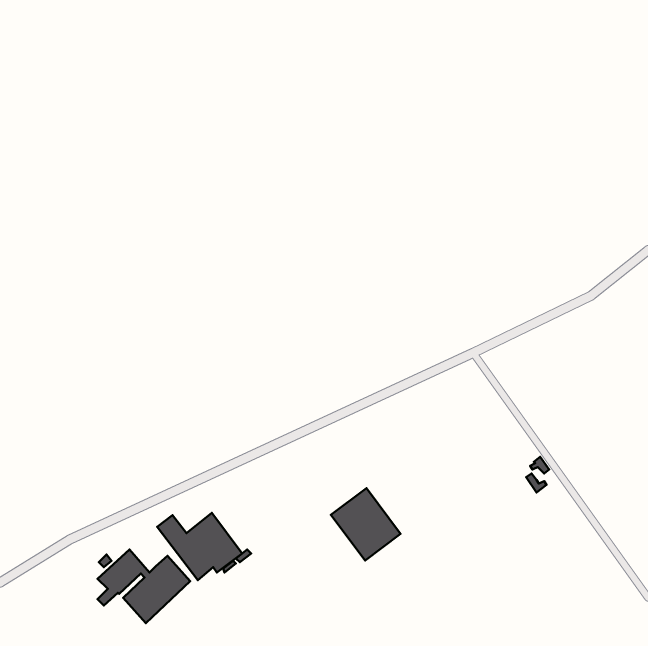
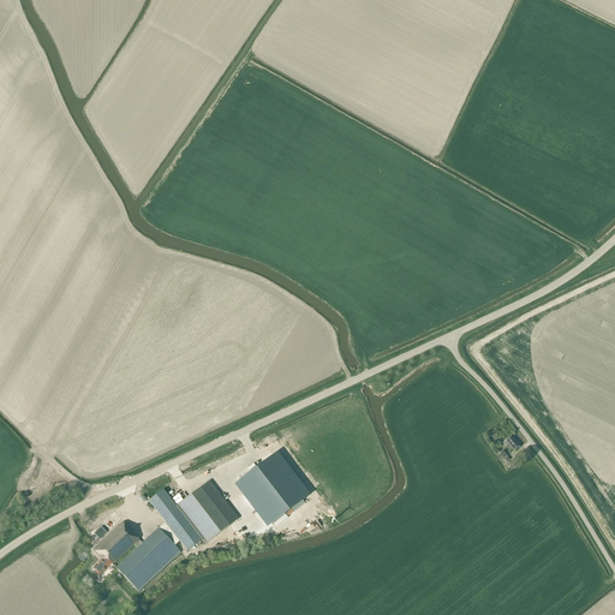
building: [331,488,401,561] -> [239,453,305,521]

